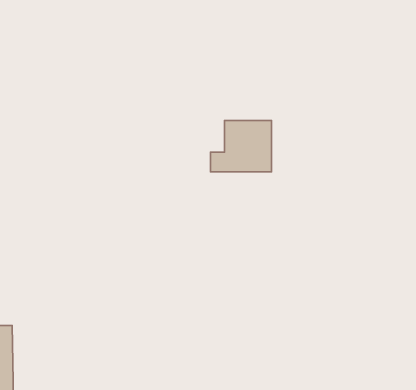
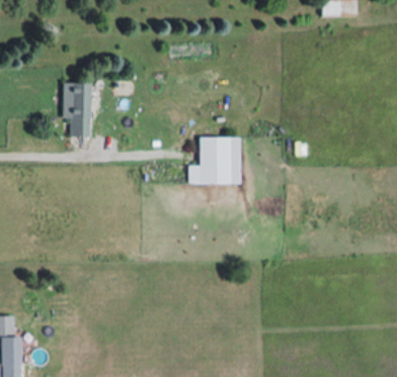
building: none -> [64,83,91,136]

